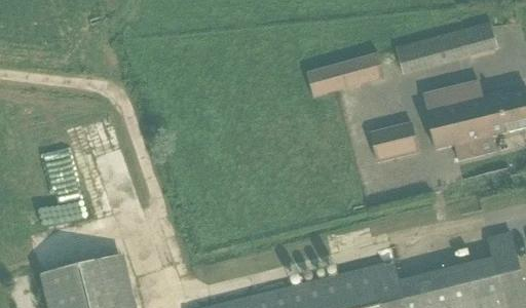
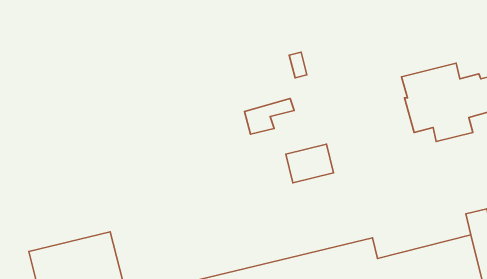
building: [398,22,499,74] -> none
building: [332,52,383,89] -> [244,99,294,134]
building: [372,122,421,162] -> [286,144,333,183]

